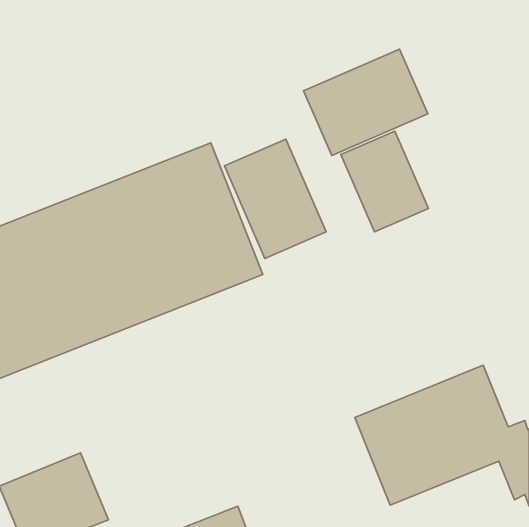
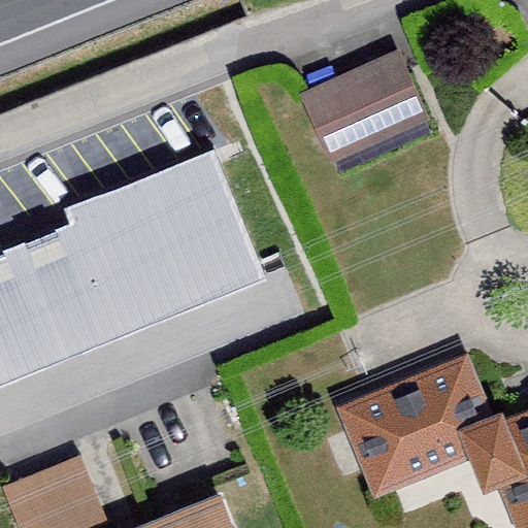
building: [341,131,429,232] -> none
building: [224,139,326,259] -> none

